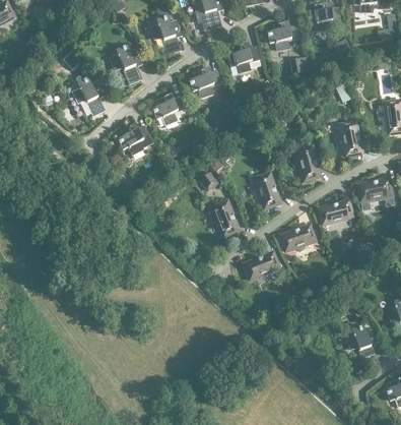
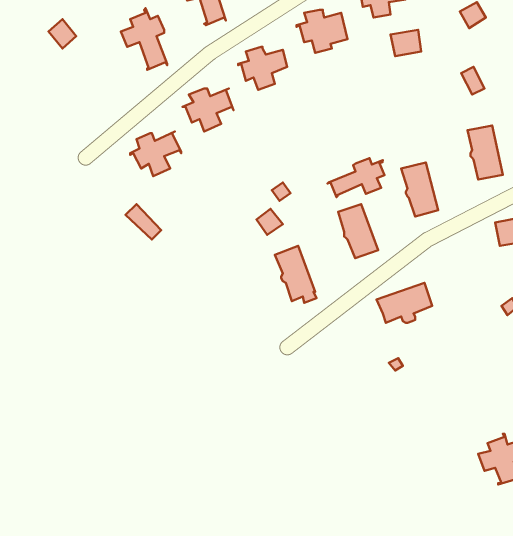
building: [72,76,105,115] -> none
building: none -> [327,158,384,197]
building: [317,200,352,225] -> none
building: [243,252,278,280] -> none

